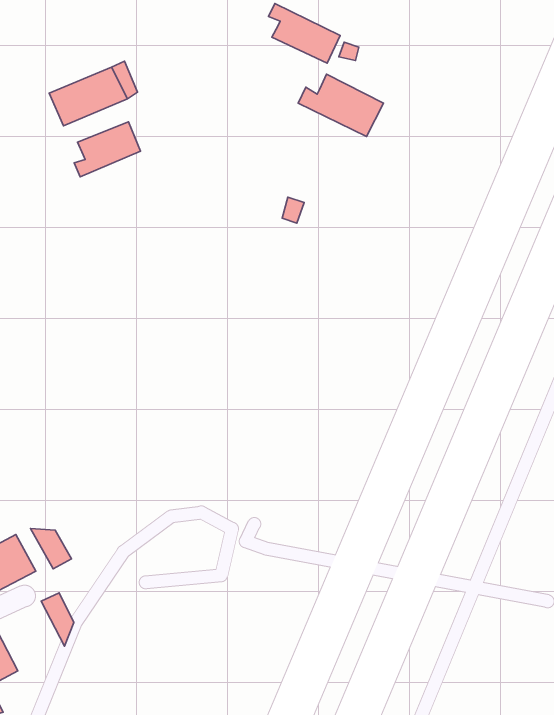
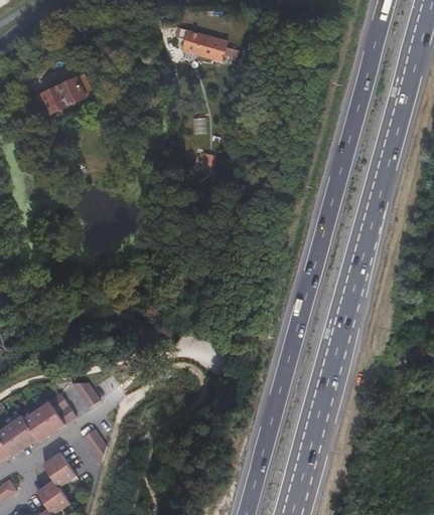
building: [298,74,383,136] -> none
building: [74,122,141,177] -> none

